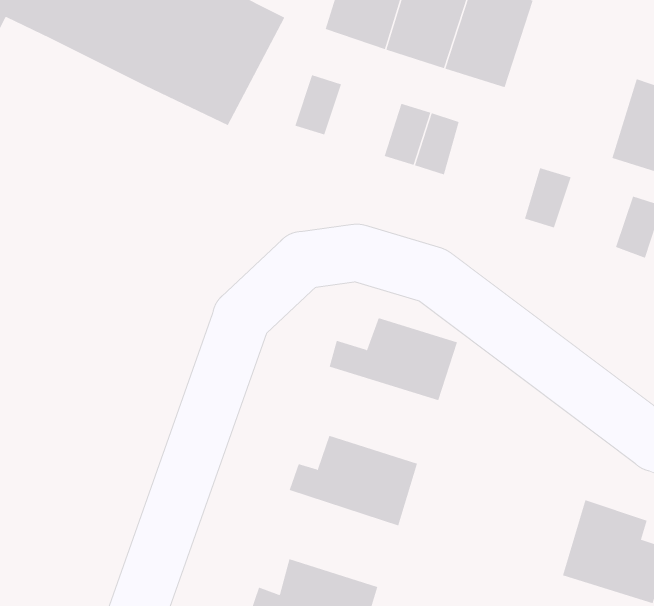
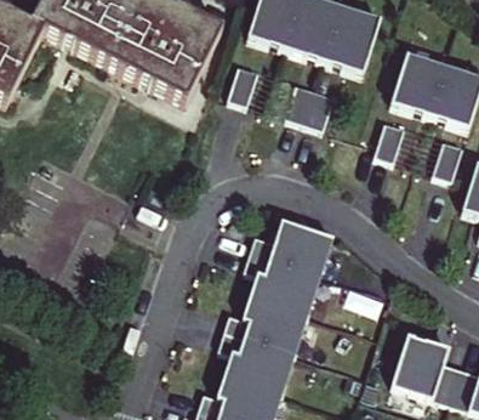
building: none -> [389,56,445,119]
building: none -> [243,252,319,314]
building: none -> [217,331,293,393]

